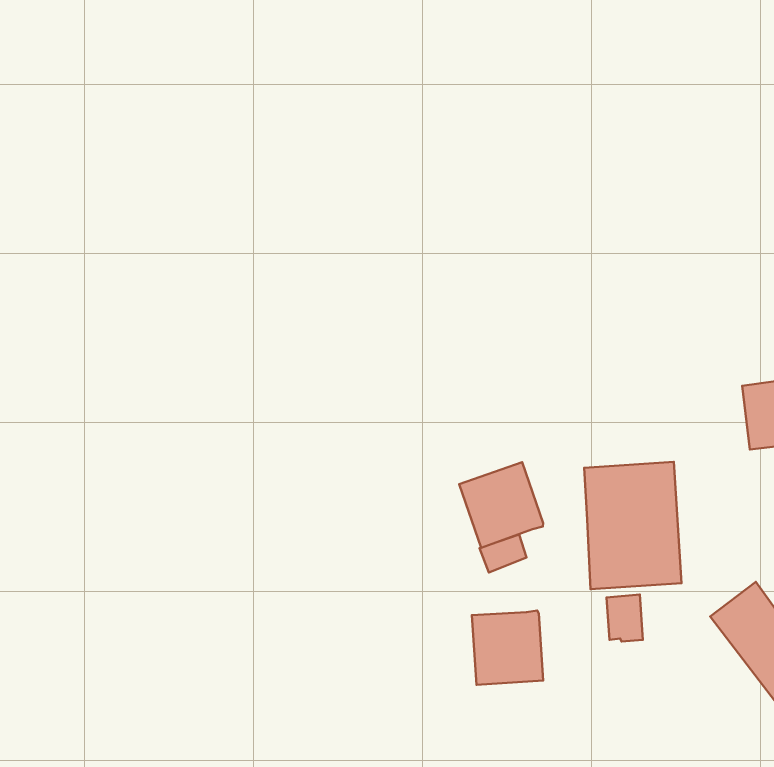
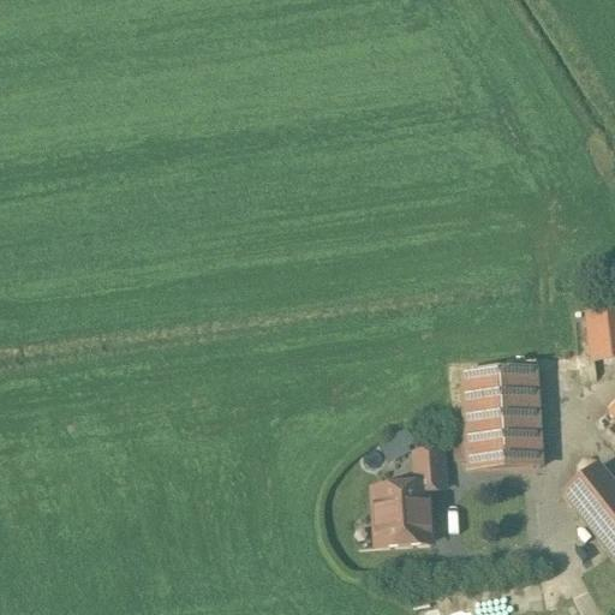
building: [459,462,543,548] -> none
building: [606,594,643,641] -> [416,448,444,485]

